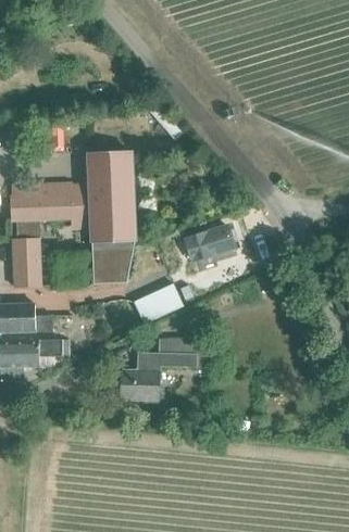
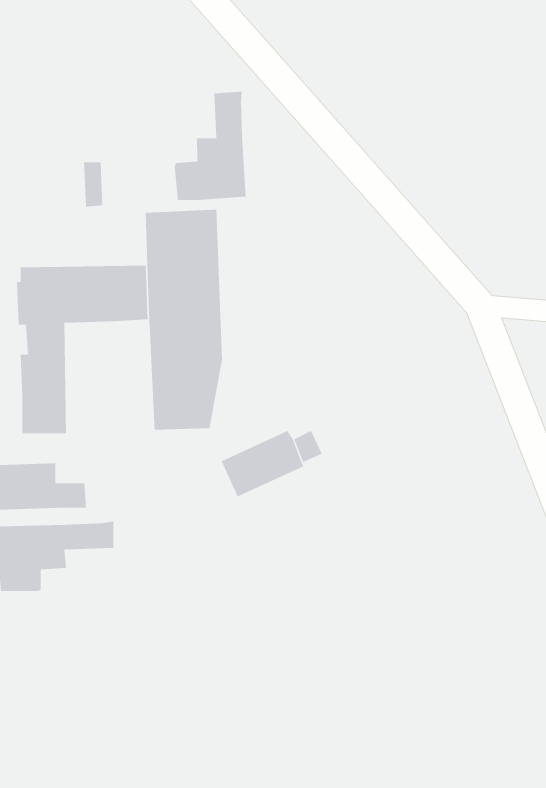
building: none -> [174,91,246,201]
building: [186,226,235,263] -> none
building: [122,337,197,400] -> none

